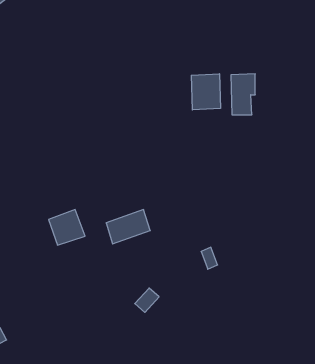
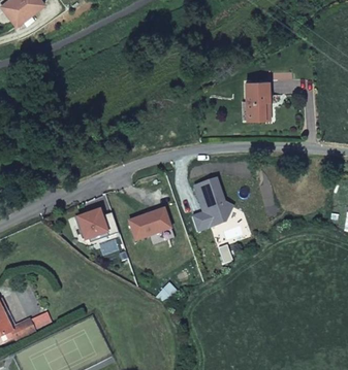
building: [191,74,220,110] -> none
building: none -> [192,176,234,231]

